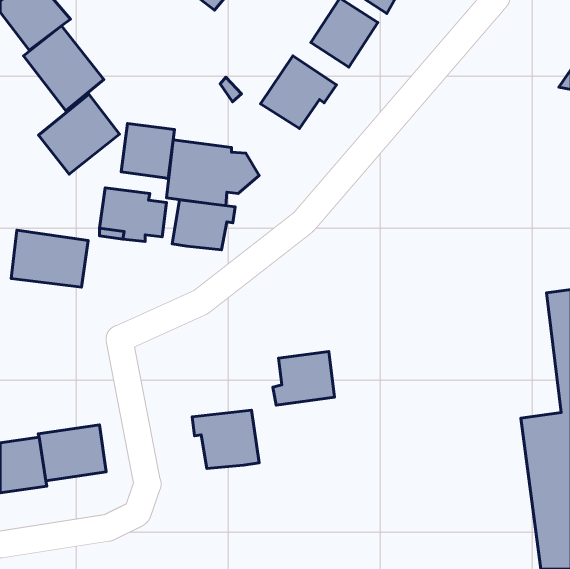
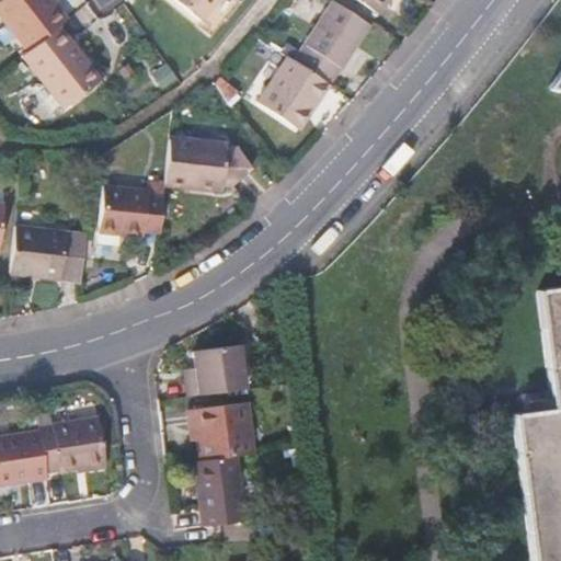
building: [38,94,120,174] -> none
building: [121,123,175,179] -> none
building: [172,200,235,250] -> none
building: [273,351,334,405] -> [185,343,245,396]
building: none -> [197,456,249,525]

